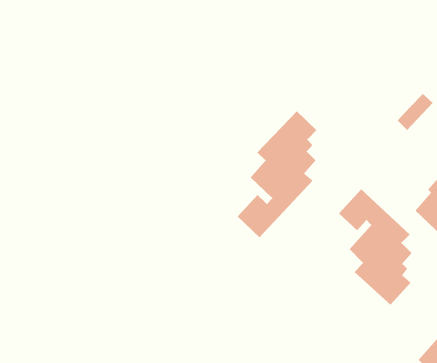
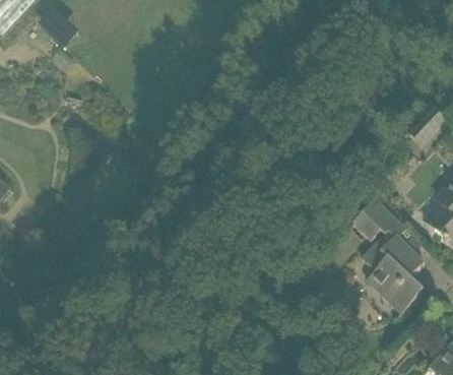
building: [237,110,317,238] -> none

